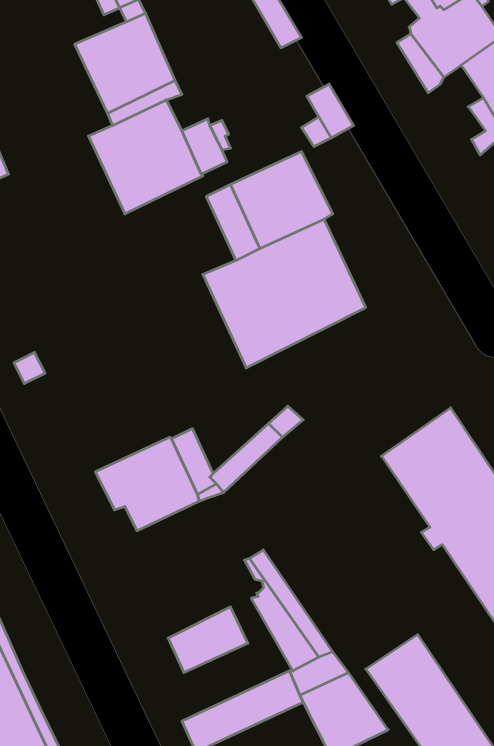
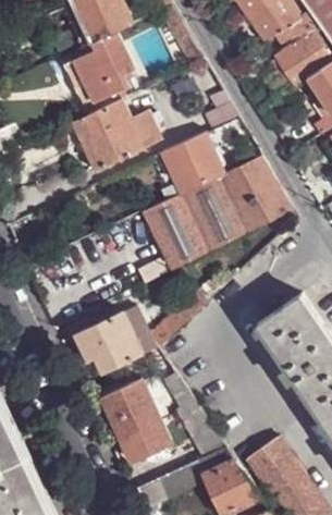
building: none -> [220,156,293,231]
building: none -> [102,379,161,439]

